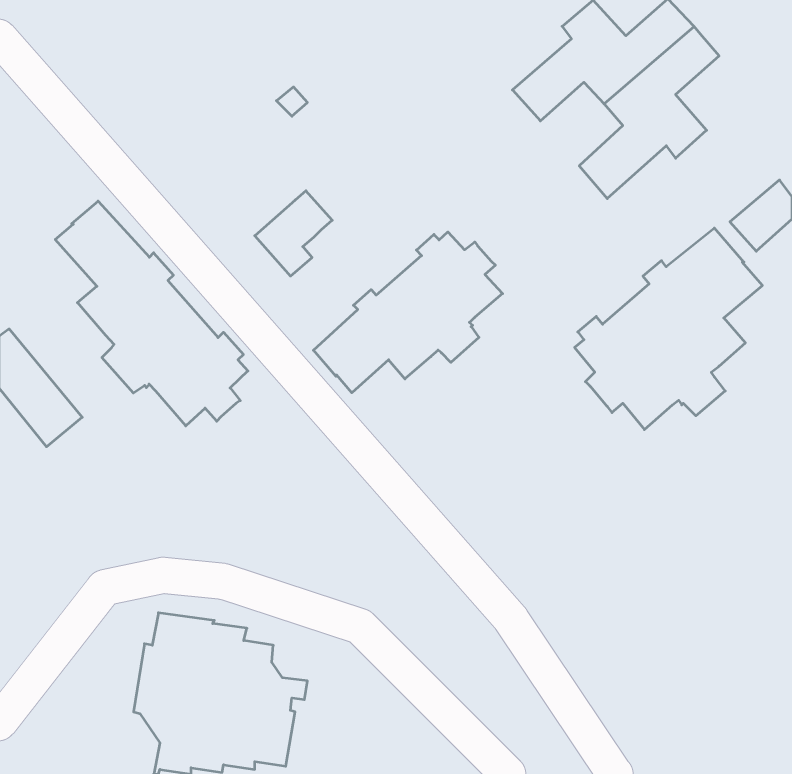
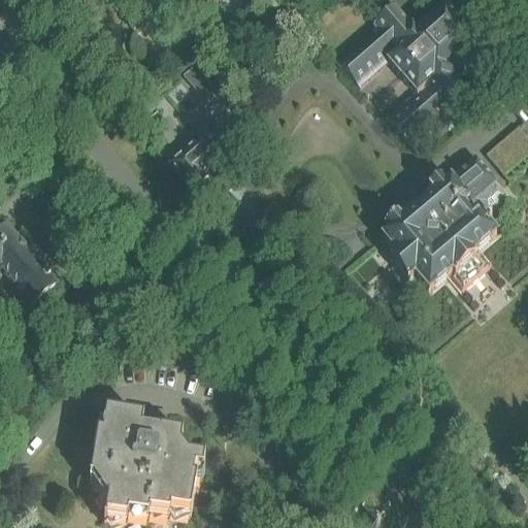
building: [55,201,248,426] -> none
building: [313,232,503,393] -> none

